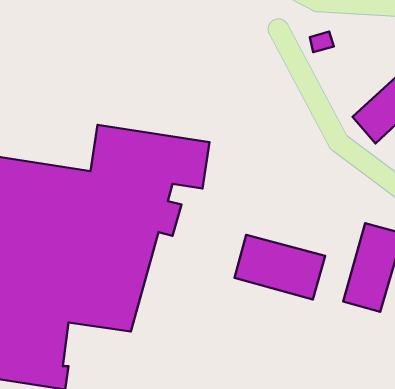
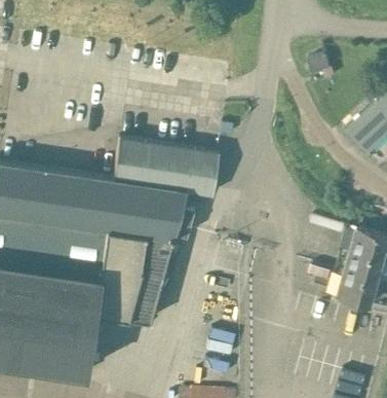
building: [234,235,325,300] -> none

